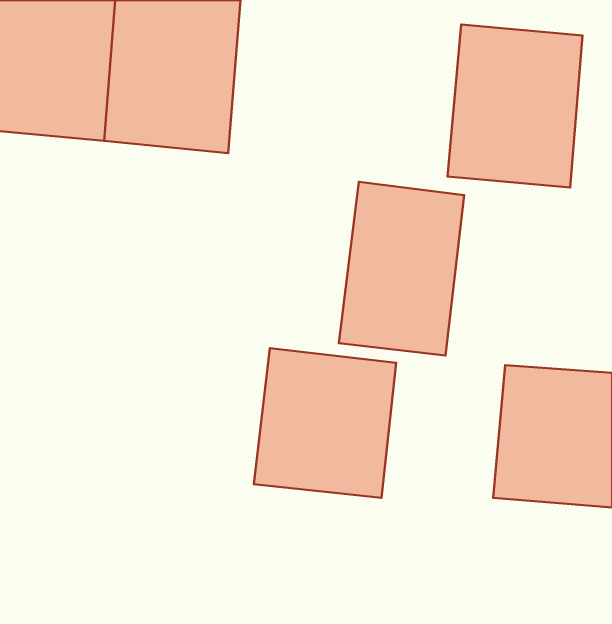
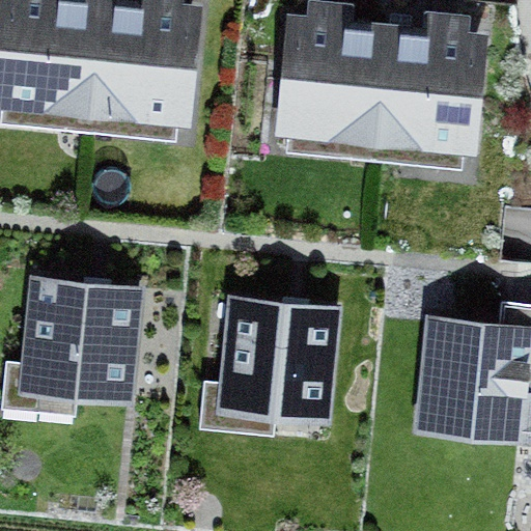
building: none -> [275,13,390,151]
building: [339,182,464,356] -> none
building: none -> [16,272,145,398]

